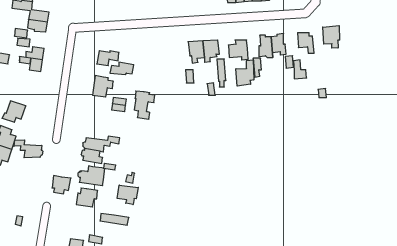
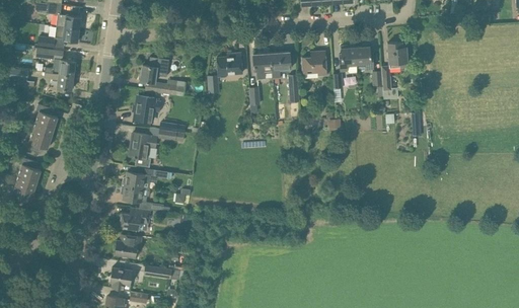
building: [323,26,340,48] -> none
building: none -> [217,53,242,77]
building: [236,60,254,86] -> none
building: none -> [33,104,58,133]
building: [134,91,155,119] -> [131,133,156,167]
building: [14,140,43,158] -> none
building: [52,176,71,194] -> [109,267,133,290]
building: [117,185,138,205] -> none

